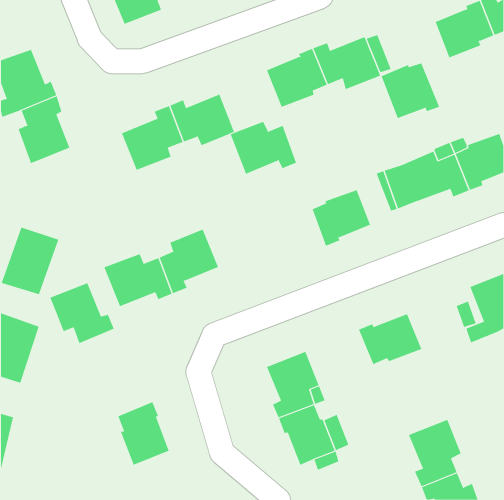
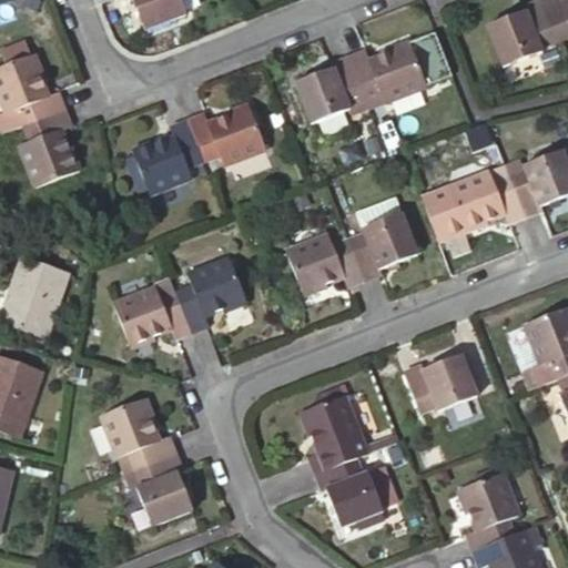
building: [381,62,440,119] -> none
building: [230,121,297,175] -> [291,231,366,291]
building: [49,283,114,344] -> [99,399,172,468]

